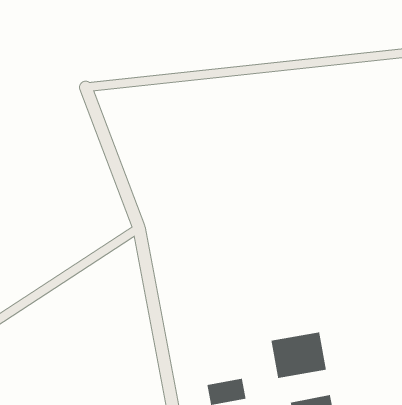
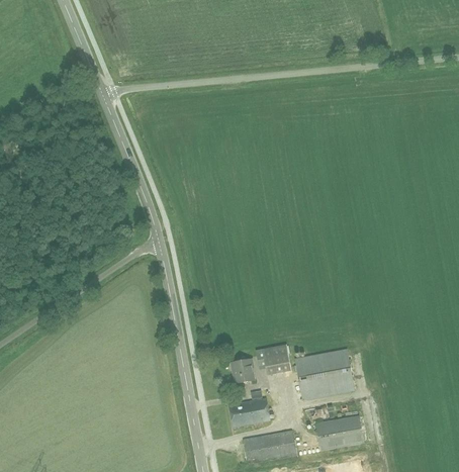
building: none -> [257,343,290,369]
building: none -> [231,358,255,383]

